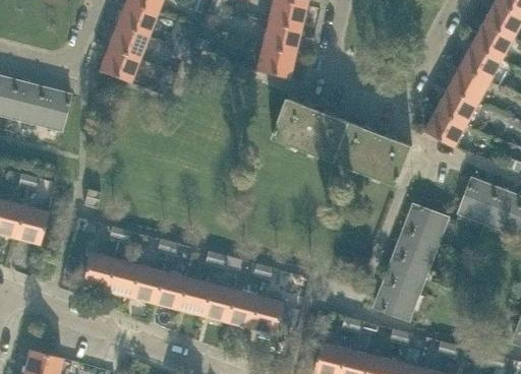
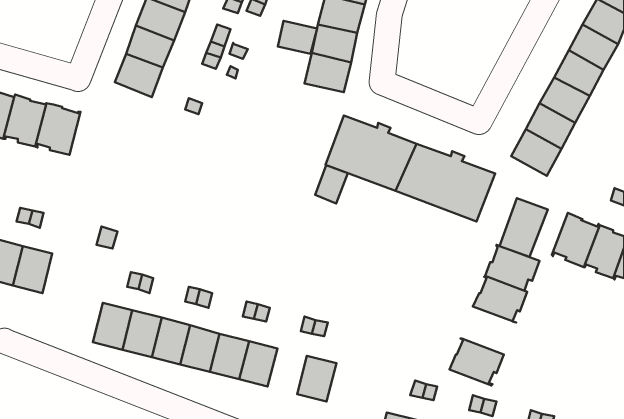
building: none -> [278,21,317,54]
building: none -> [315,165,348,203]
building: none -> [499,198,548,257]
building: [386,255,430,295] -> none
building: [225,290,257,327] -> none

